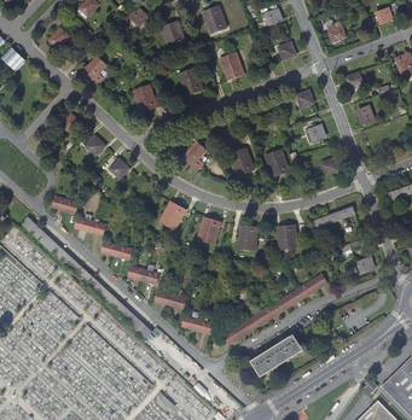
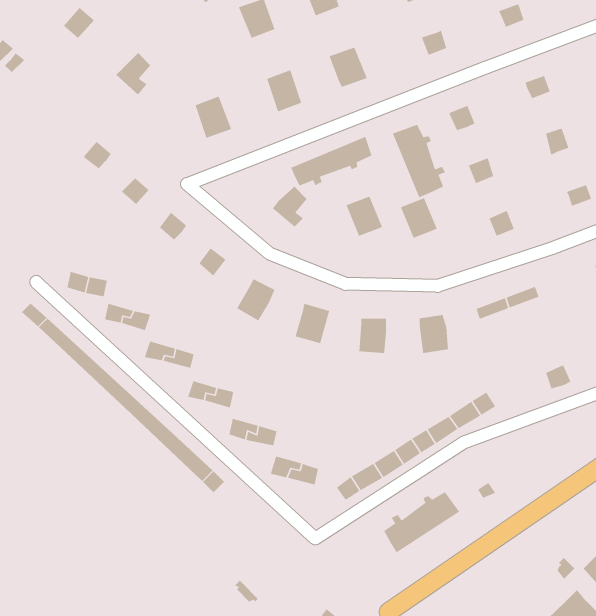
building: none -> [392,124,446,199]
building: none -> [290,136,372,187]

